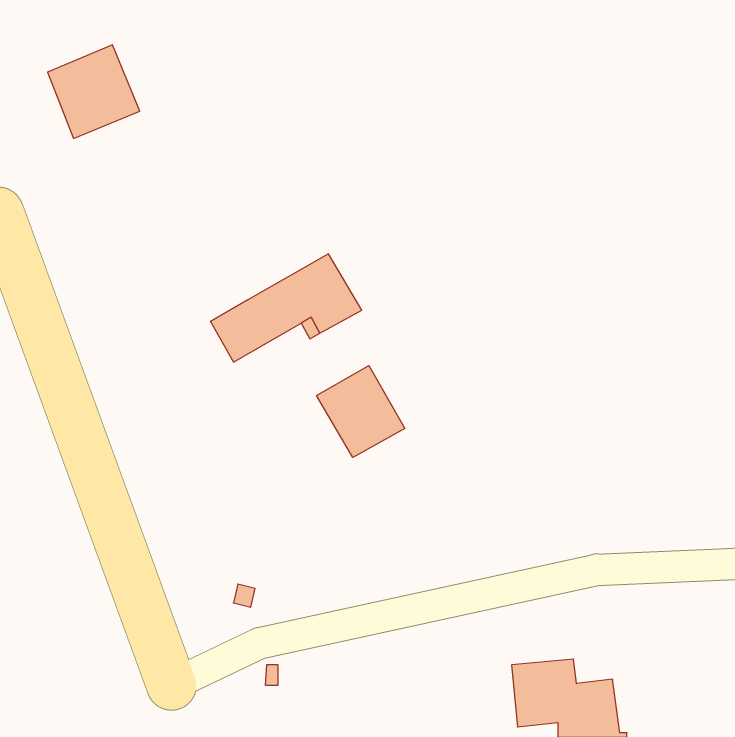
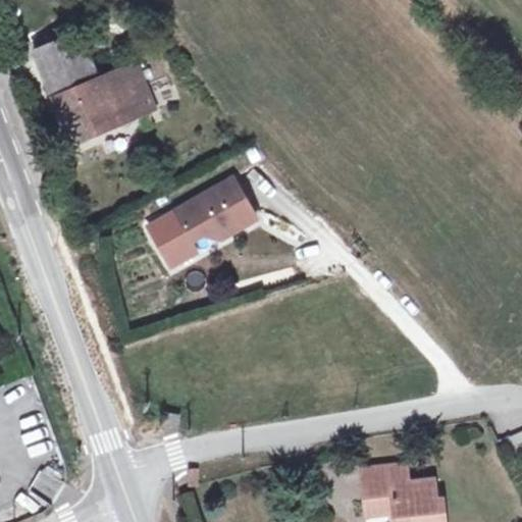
building: none -> [52,62,155,143]
building: [316,366,405,457] -> none

